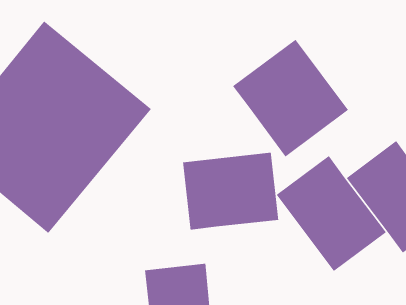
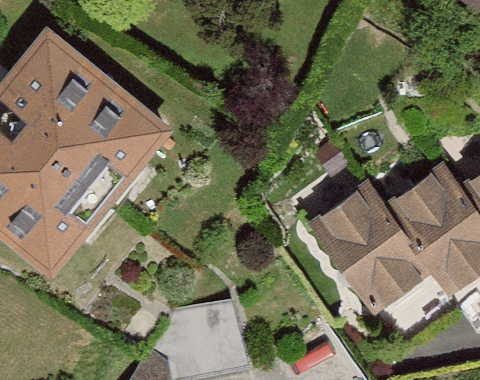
building: [232,39,349,157] -> none
building: [183,152,279,231] -> none

